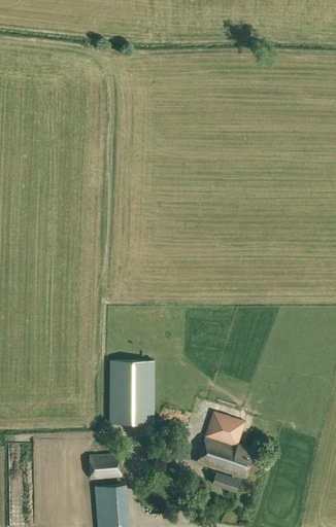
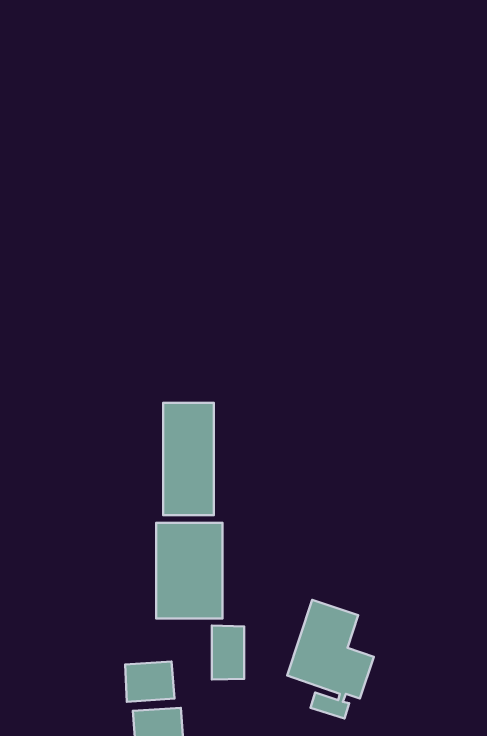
building: none -> [163,403,214,515]
building: none -> [212,626,244,680]

